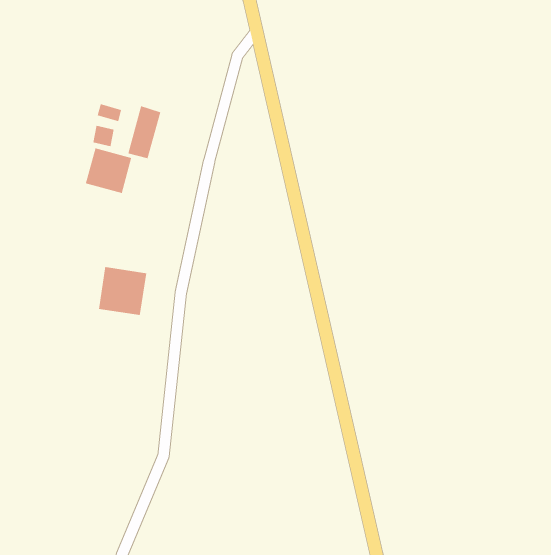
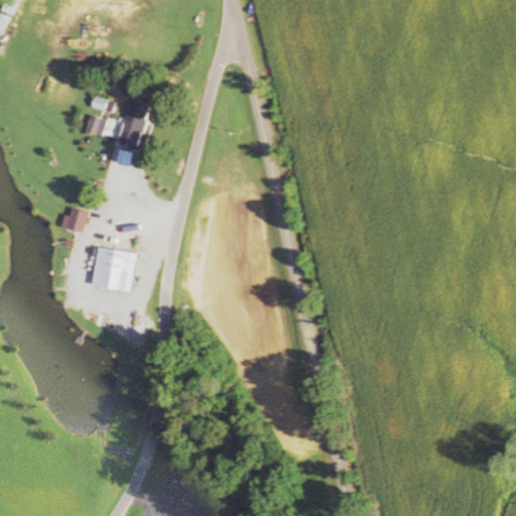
building: [85,148,132,194] -> none
building: none -> [59,208,87,232]

